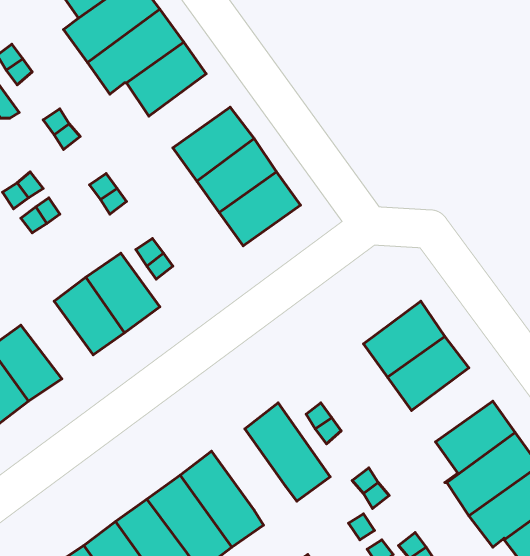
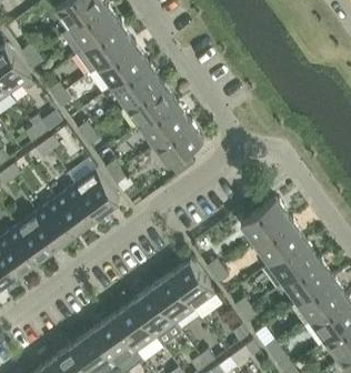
building: none -> [111,62,160,107]
building: none -> [34,199,78,245]
building: none -> [261,239,318,289]
building: none -> [149,275,193,324]

